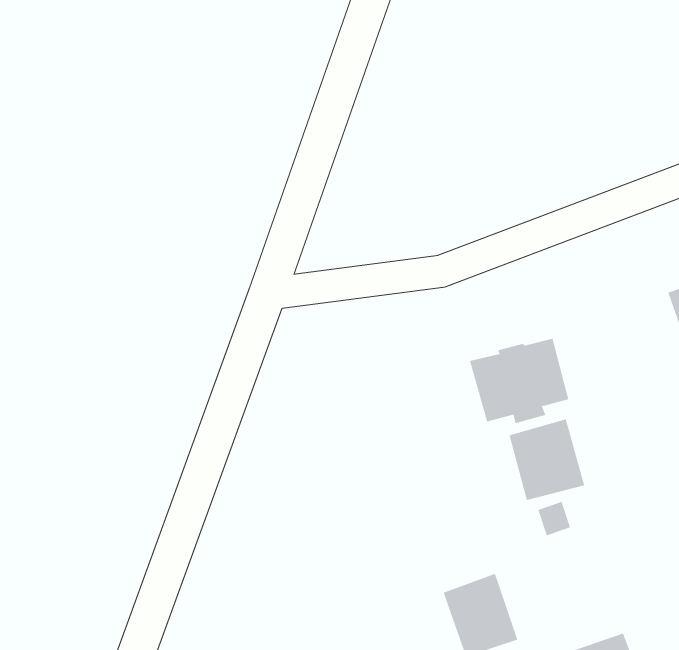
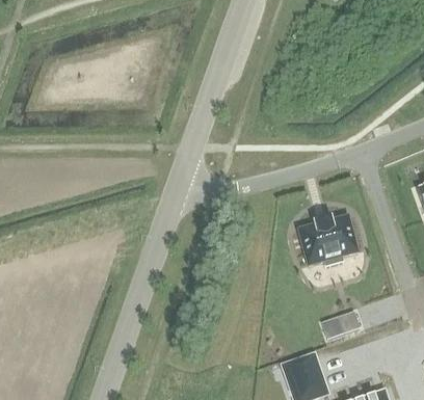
building: [509,419,585,501] -> none

